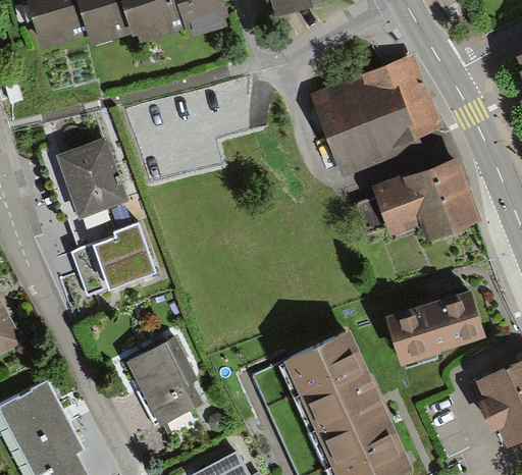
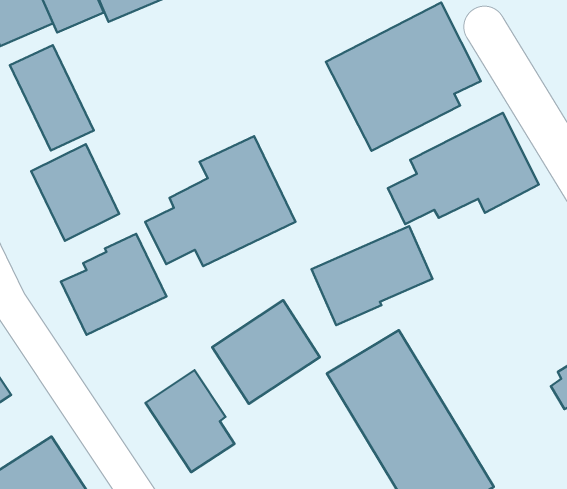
building: none -> [10,45,94,150]
building: none -> [145,136,296,266]
building: [384,285,484,361] -> [311,226,432,325]
building: none -> [212,300,320,404]

